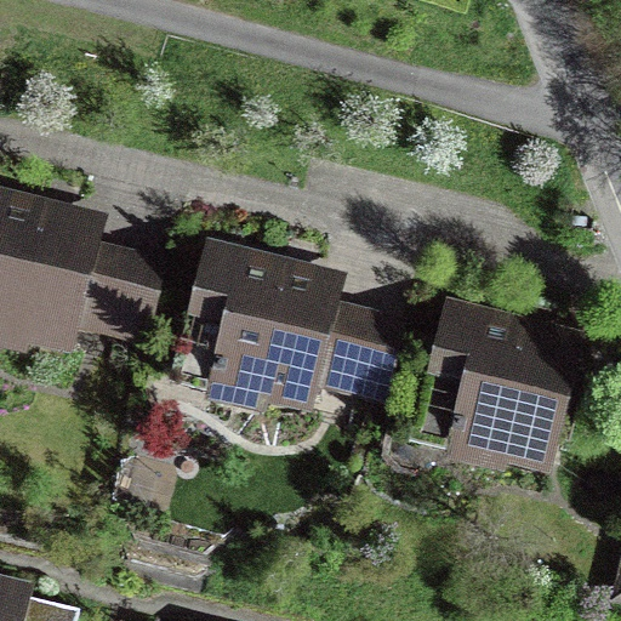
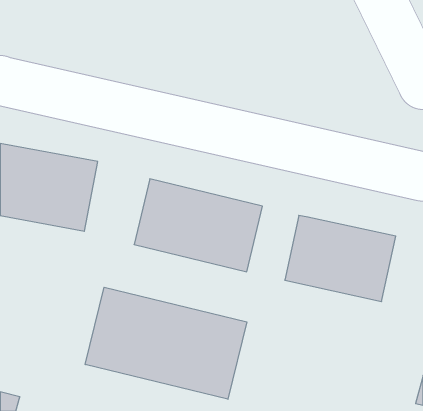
building: none -> [85,287,247,399]

